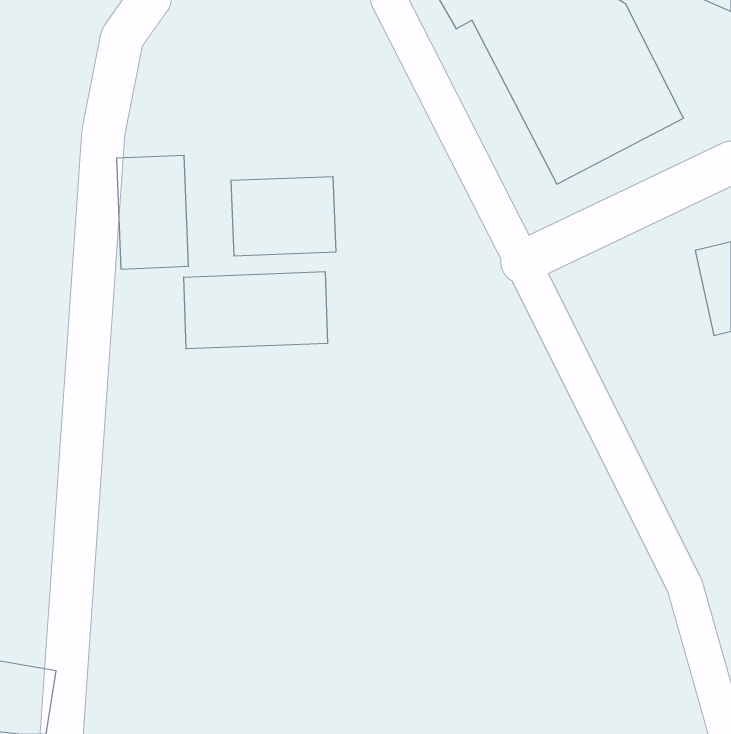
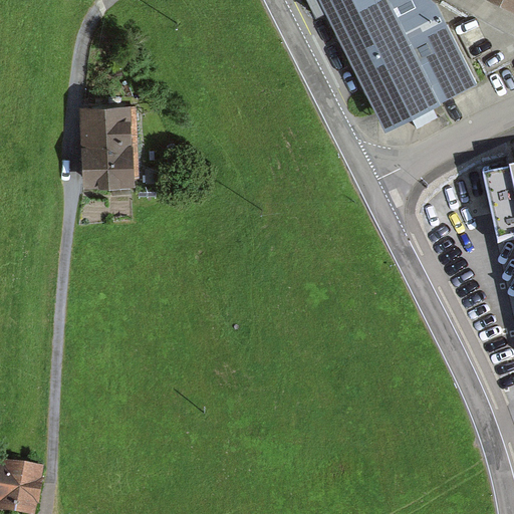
building: [231,176,336,256] -> none
building: [184,272,328,349] -> none

